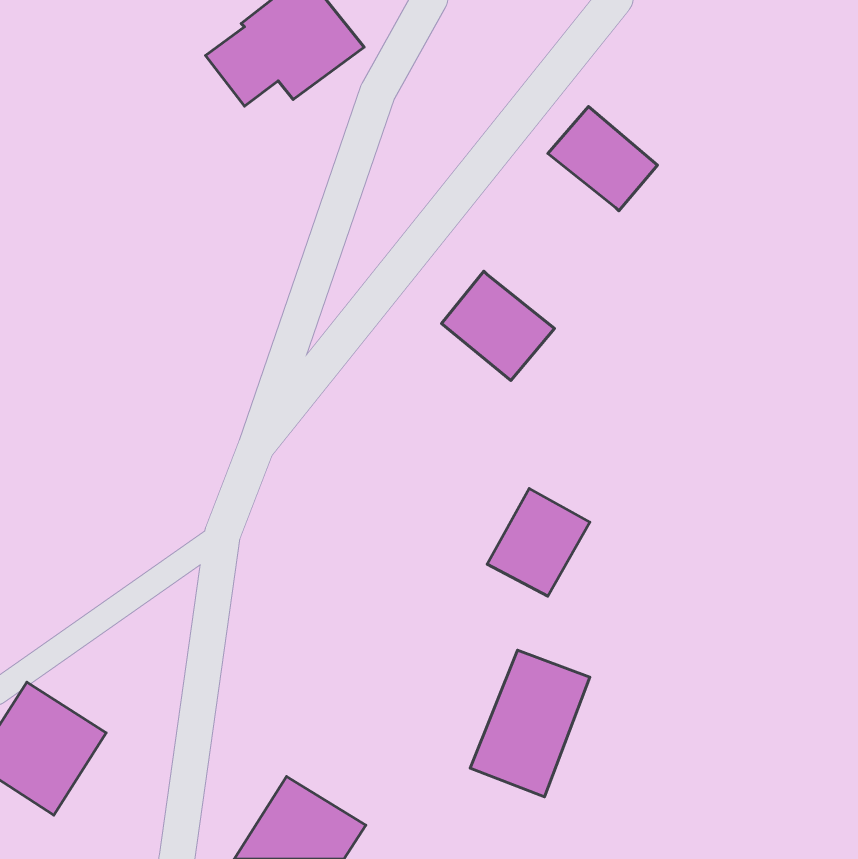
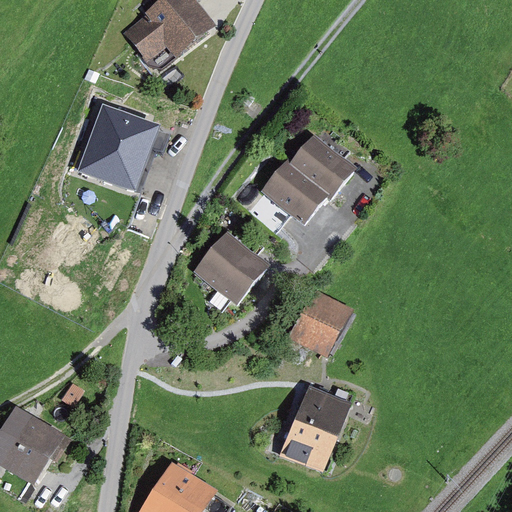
building: [548,106,658,211] -> [289,135,354,197]
building: none -> [77,102,162,190]
building: none -> [194,231,267,303]

